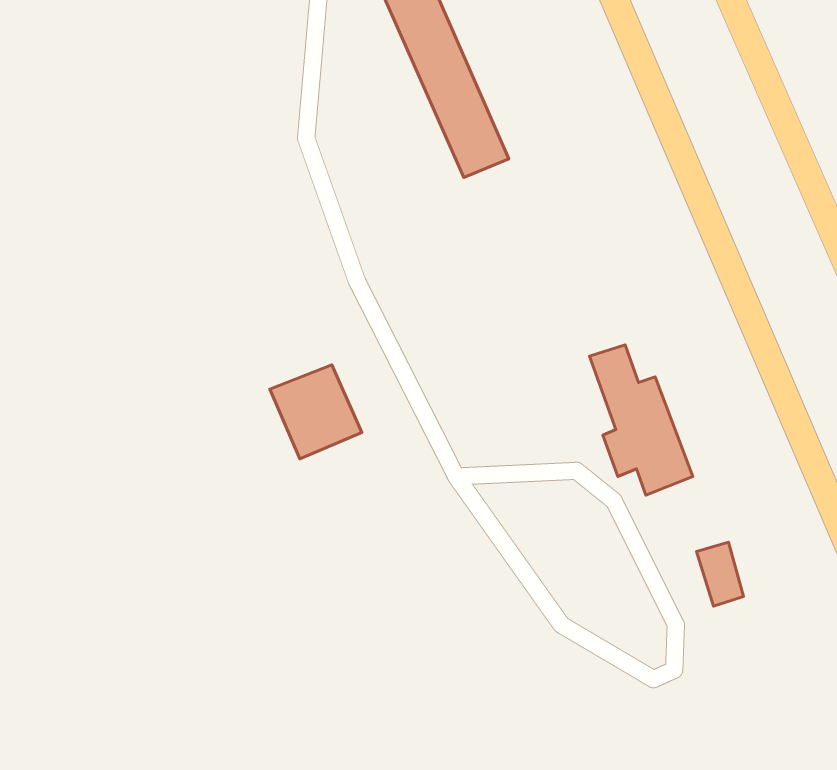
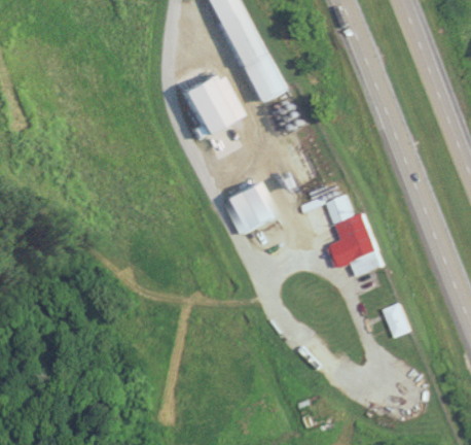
building: none -> [183,72,243,137]
building: [270,365,362,459] -> [225,182,276,234]

